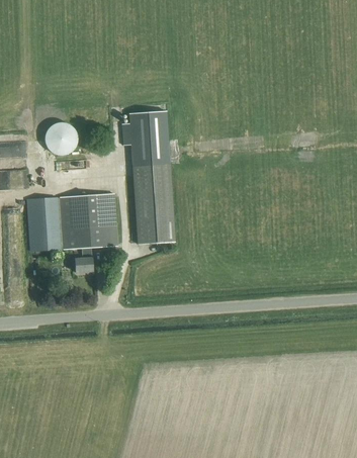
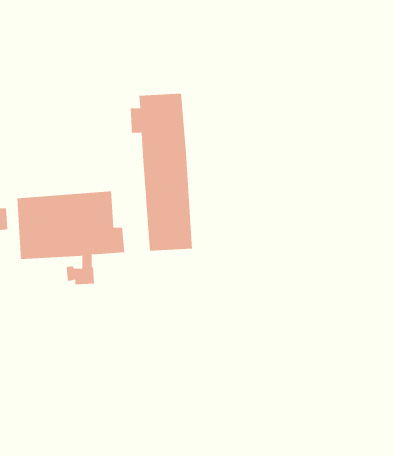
building: [46,127,78,161] -> none

